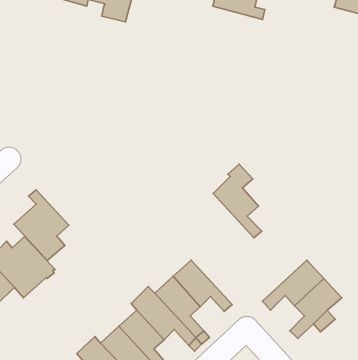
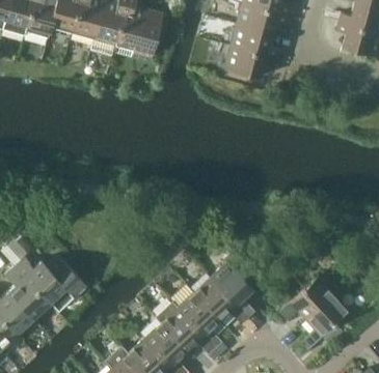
building: none -> [224,46,276,78]
building: [213,164,262,238] -> [211,251,255,318]
building: [14,190,69,261] -> none

